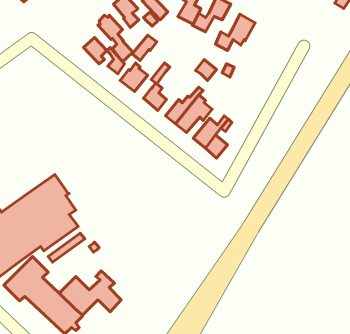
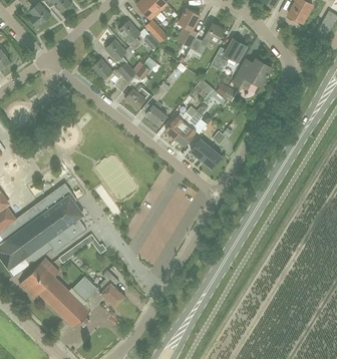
building: none -> [233,58,272,89]

